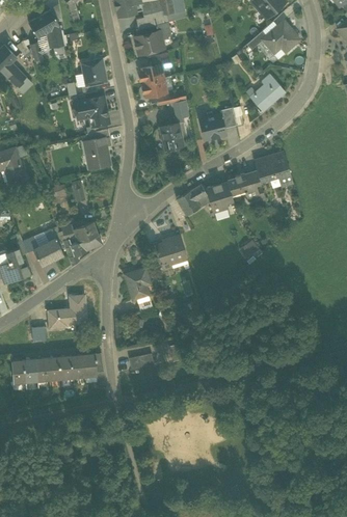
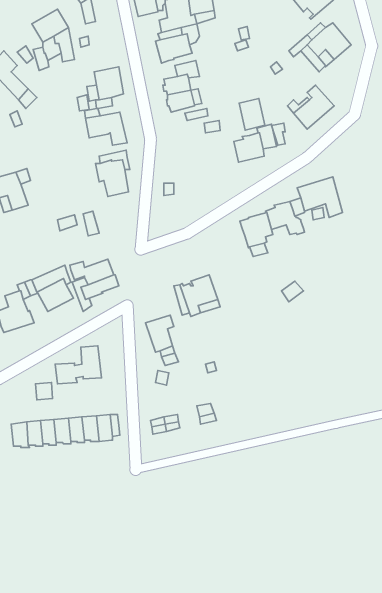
building: [160,123,182,149] -> [239,98,265,130]
building: [177,185,209,215] -> none

